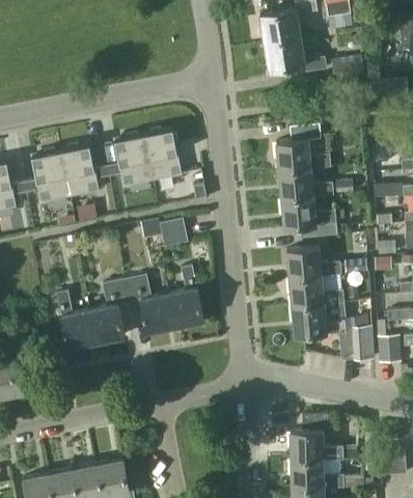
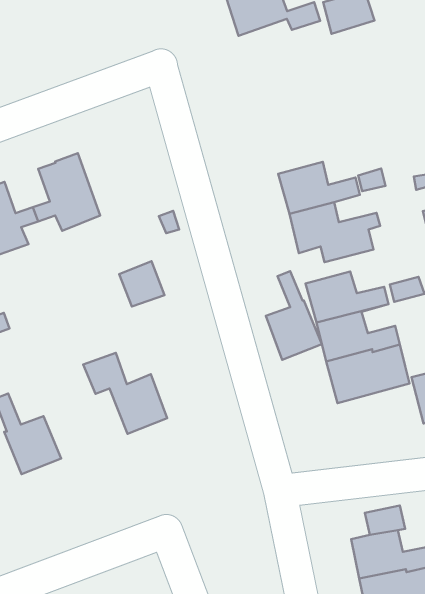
building: [277,125,330,172] -> none
building: [143,129,181,181] -> none
building: [168,268,203,328] -> [266,271,322,360]
building: [89,281,128,343] -> none

